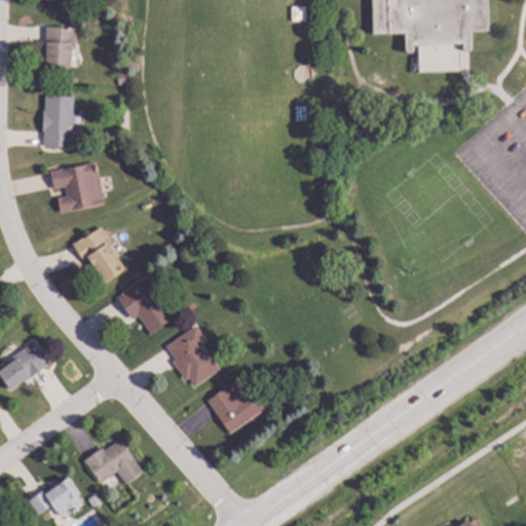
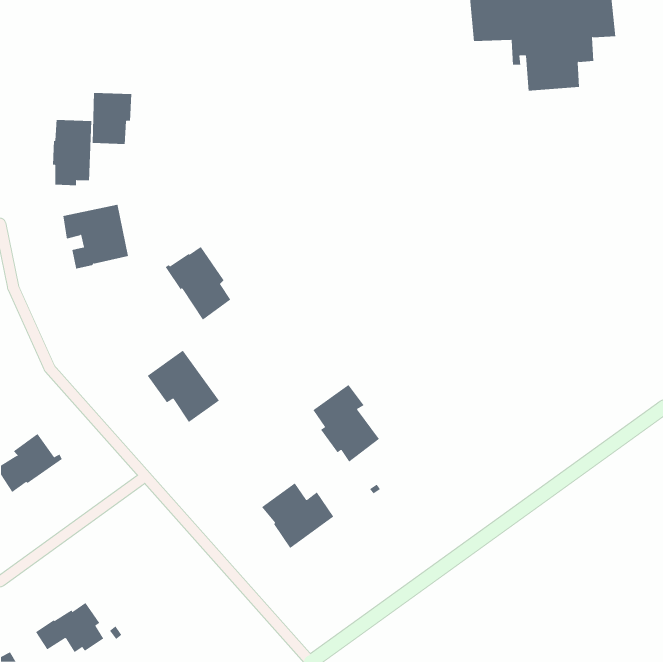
building: [44,26,76,67] -> [92,93,132,145]
building: [72,226,124,285] -> [165,246,231,320]
building: [166,325,220,386] -> [312,384,380,462]
building: [83,439,143,484] -> none

